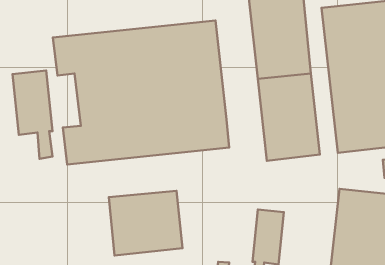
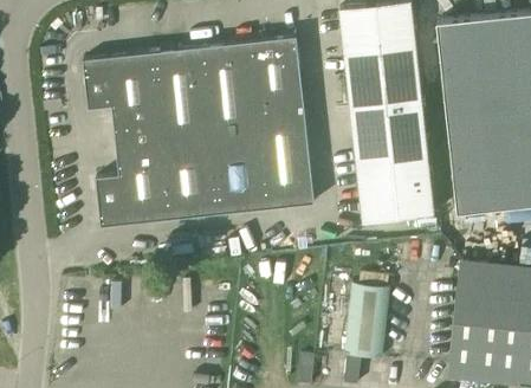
building: [12,70,53,159] -> none
building: [109,191,183,256] -> none

